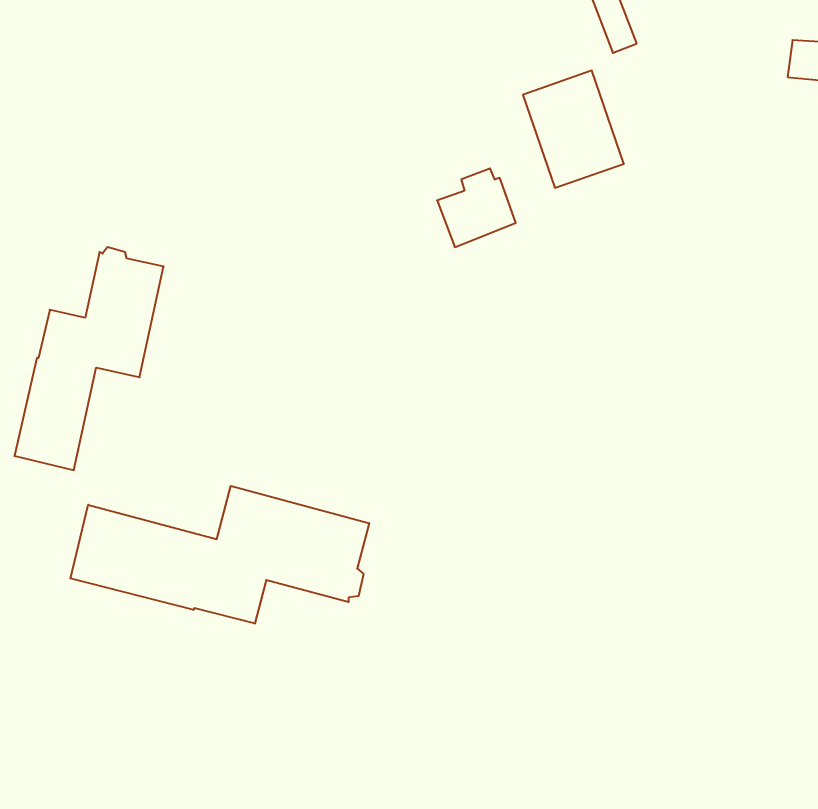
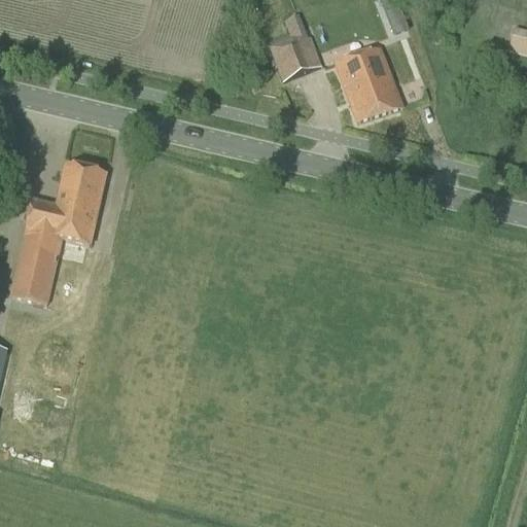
building: [437,168,516,247] -> [271,28,321,78]
building: [70,486,369,624] -> none

